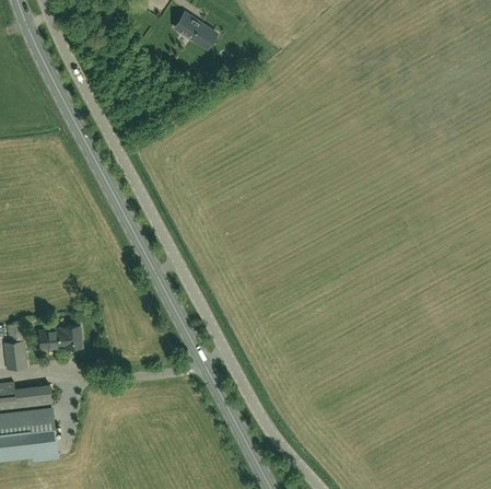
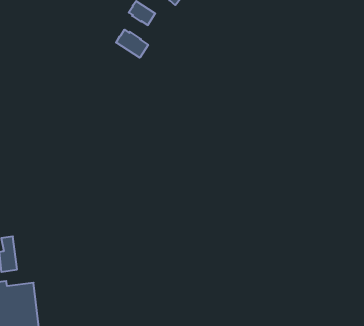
building: none -> [116,30,148,58]
building: [39,325,82,350] -> none

